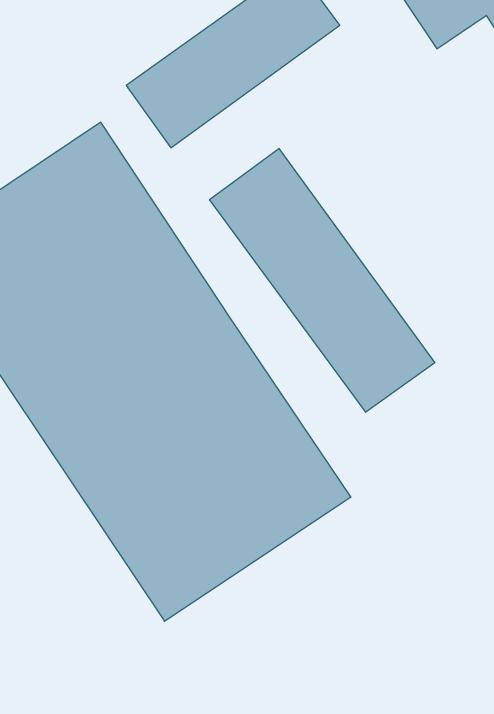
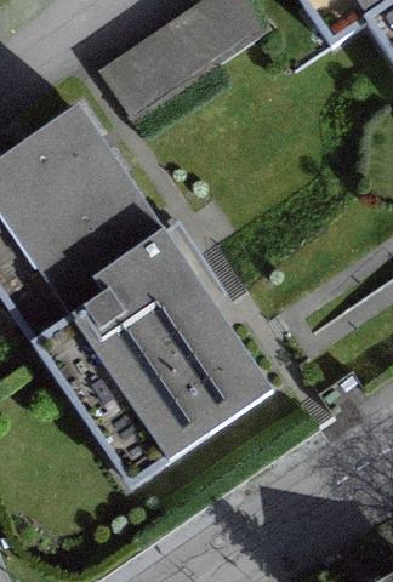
building: [210,148,435,412] -> none

